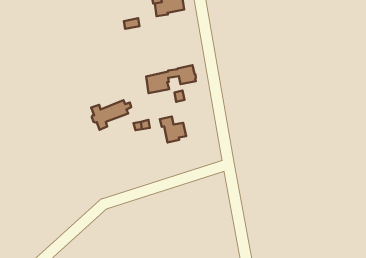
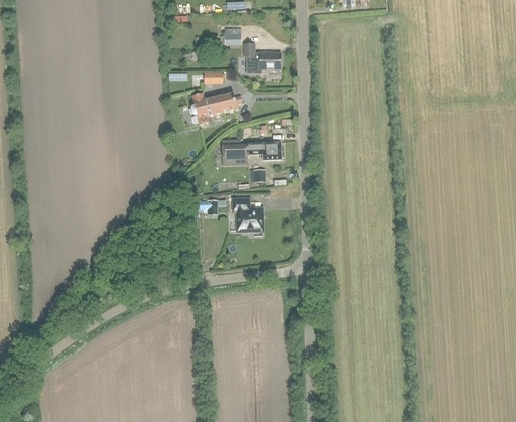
building: [91,100,131,130] -> [191,92,242,124]

